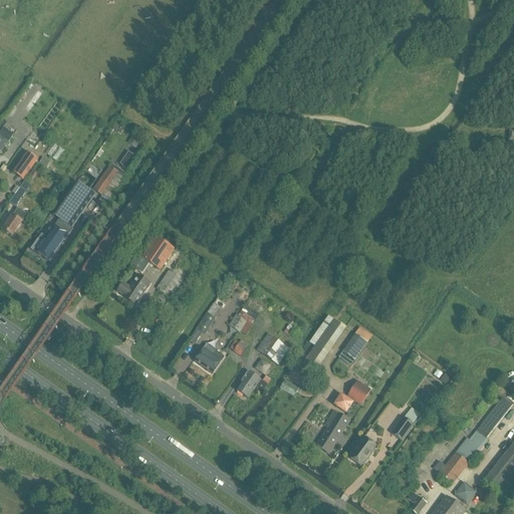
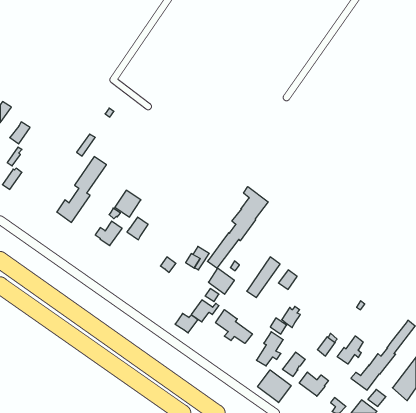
building: [31,179,92,260] -> [57,157,106,222]
building: none -> [207,187,268,268]
building: [195,346,223,370] -> [175,313,198,333]
building: none -> [216,310,252,343]
building: none -> [337,336,363,364]
building: none -> [258,370,291,403]
building: none -> [299,372,328,396]

